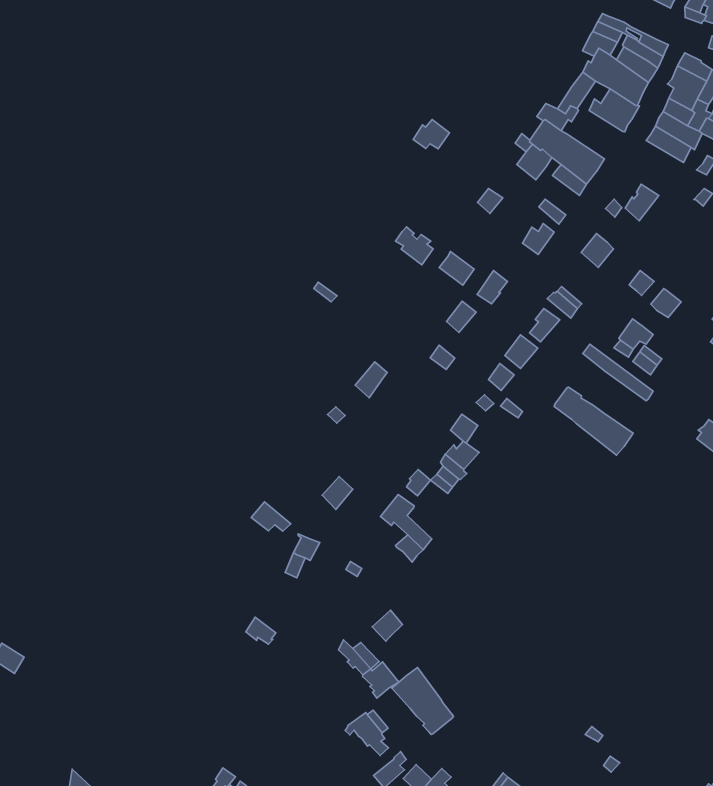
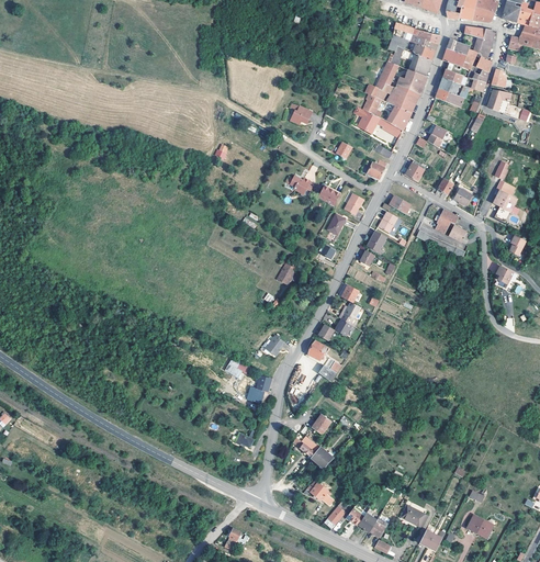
building: none -> [384,85,419,113]
building: [554,387,633,455] -> none
building: [392,668,454,734] -> none

